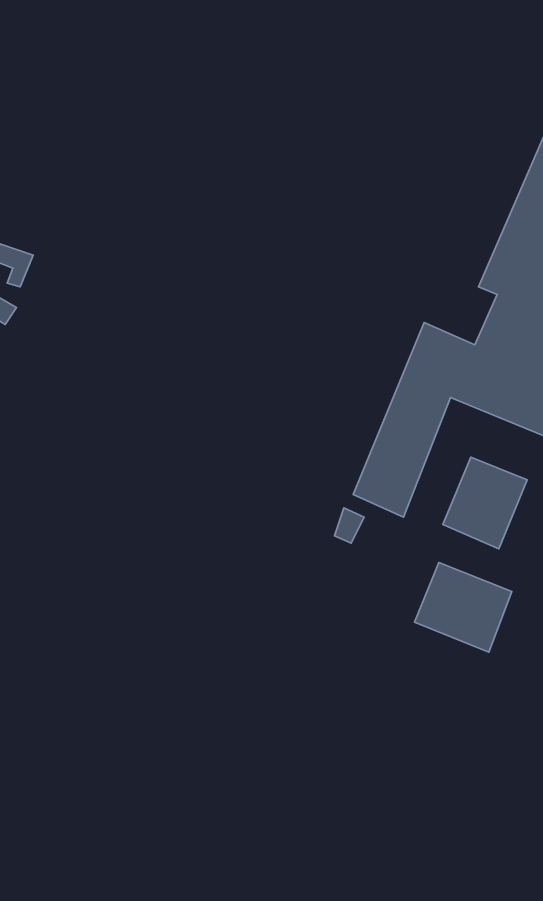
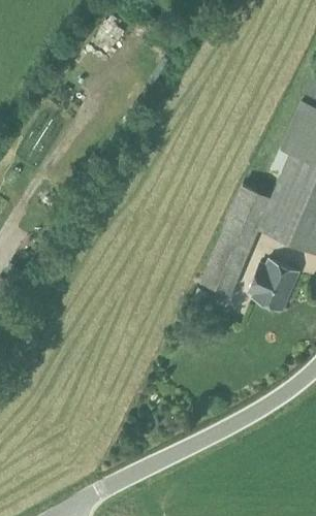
building: [414,563,512,652] -> none

